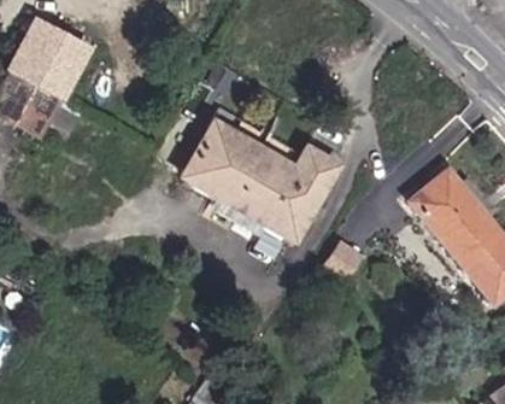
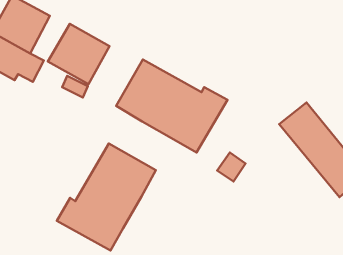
building: none -> [48,24,109,84]
building: none -> [57,143,156,250]

